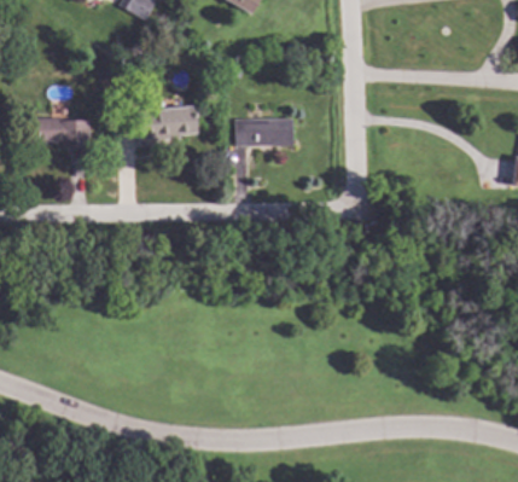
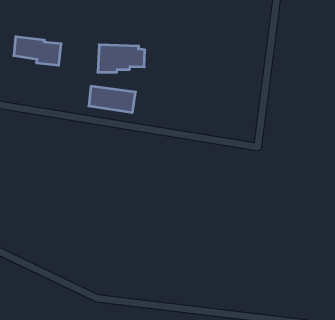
building: [237,118,295,145] -> [89,86,136,113]

